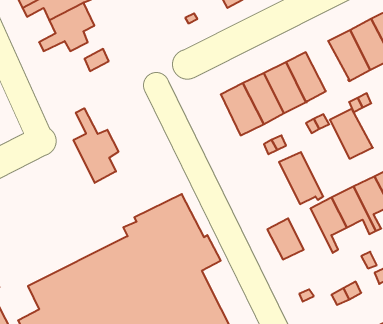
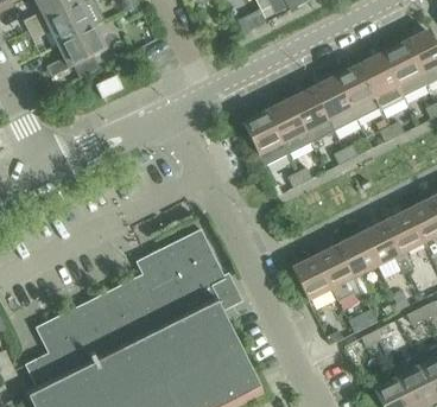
building: [74,108,118,183] -> none
building: [330,109,373,159] -> [334,65,380,119]
building: [279,152,323,204] -> [315,244,362,300]

